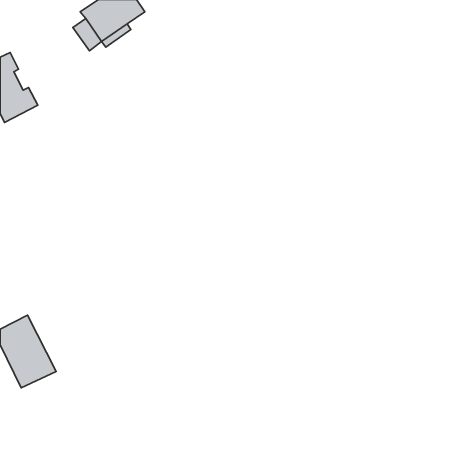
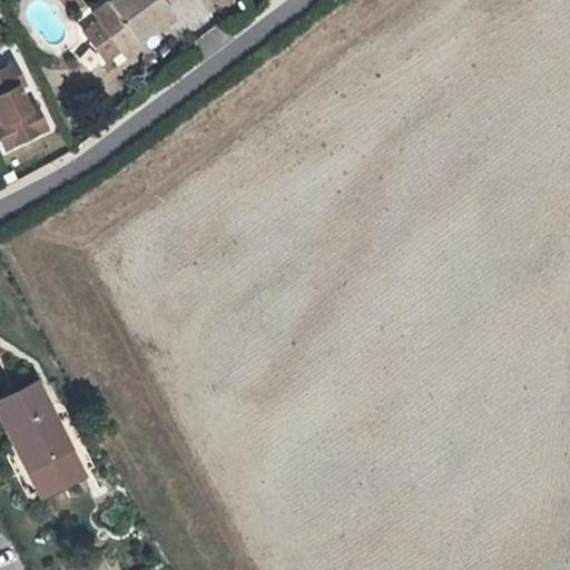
building: none -> [27,449,81,494]

